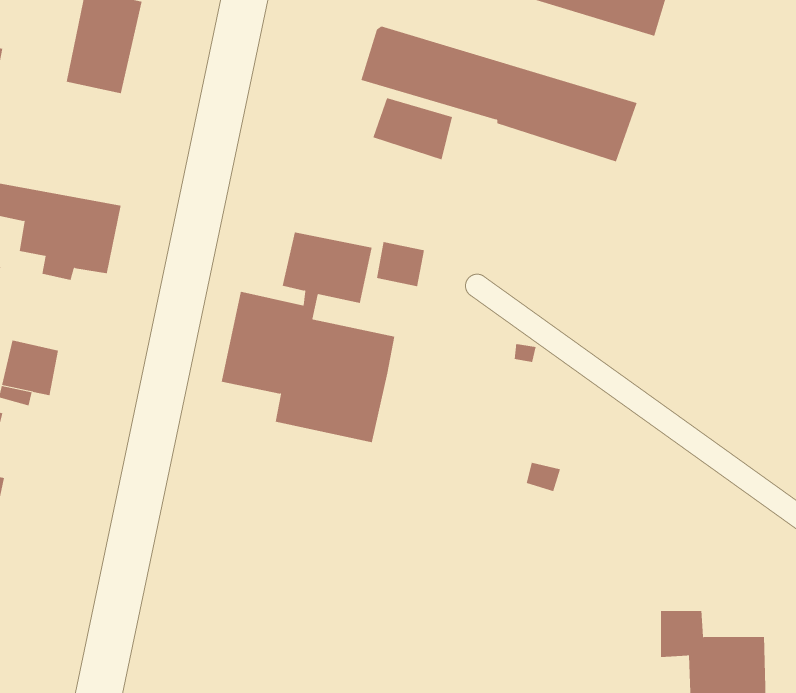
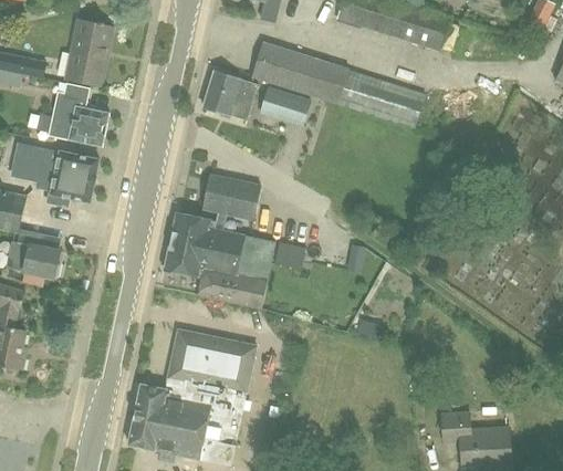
building: none -> [201,69,257,119]
building: none -> [48,82,110,145]
building: [376,241,425,287] -> [272,240,303,269]
building: none -> [127,329,256,460]

